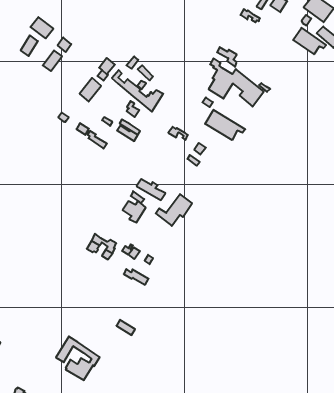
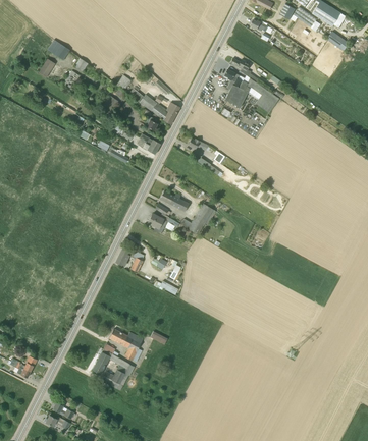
building: [293,28,326,54] -> none
building: [205,110,245,140] -> none
building: none -> [109,329,143,363]

